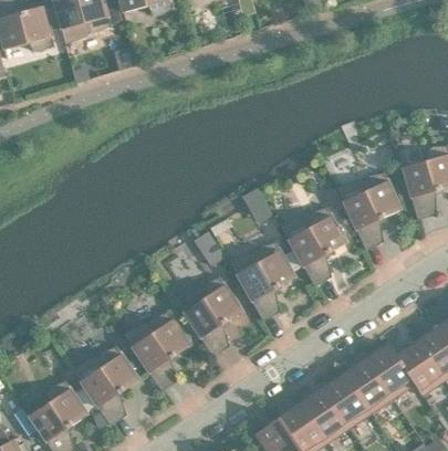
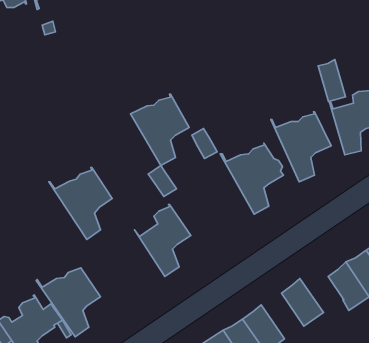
building: none -> [318,59,346,101]
building: [228,240,294,321] -> [131,94,189,165]
building: [117,310,189,391] -> [49,167,112,239]
building: [365,345,415,398] -> none
building: [321,376,369,428] -> none

